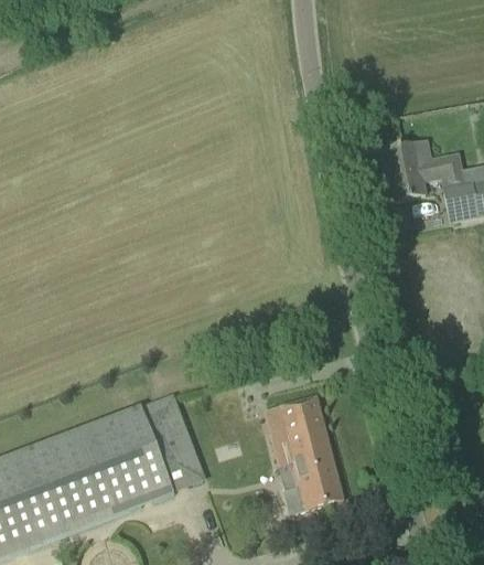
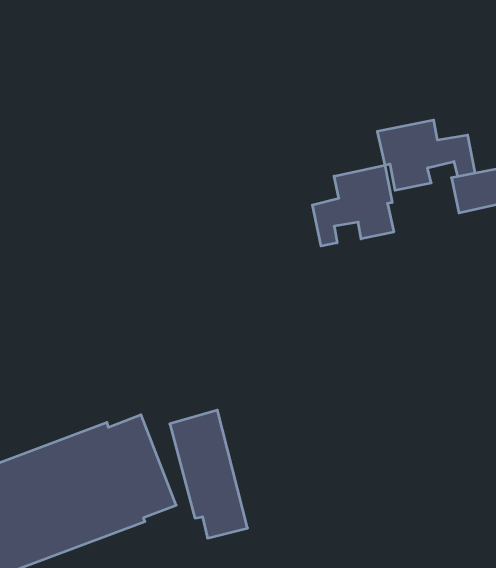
building: none -> [312,165,394,246]
building: [275,395,343,508] -> [170,410,248,538]

